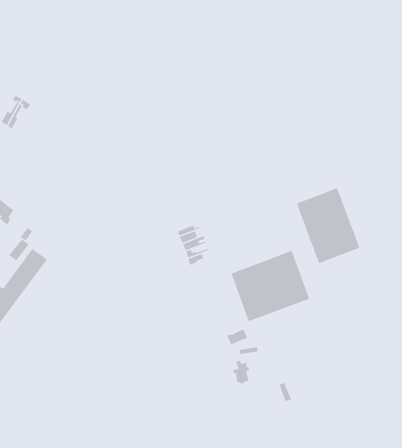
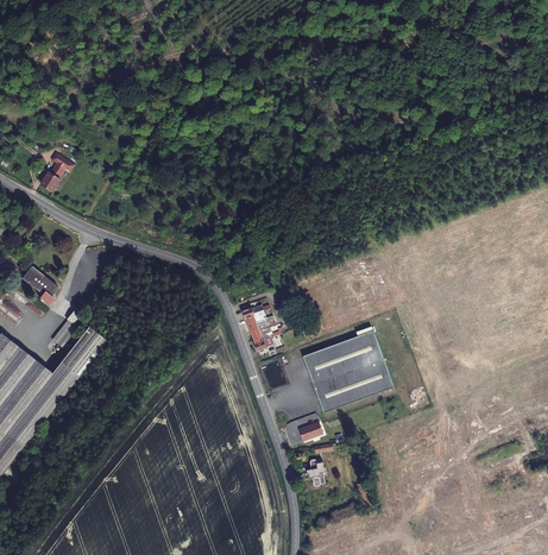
building: [296,187,360,264] -> none

